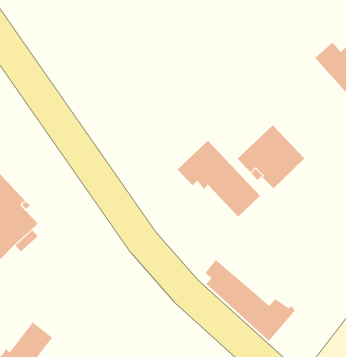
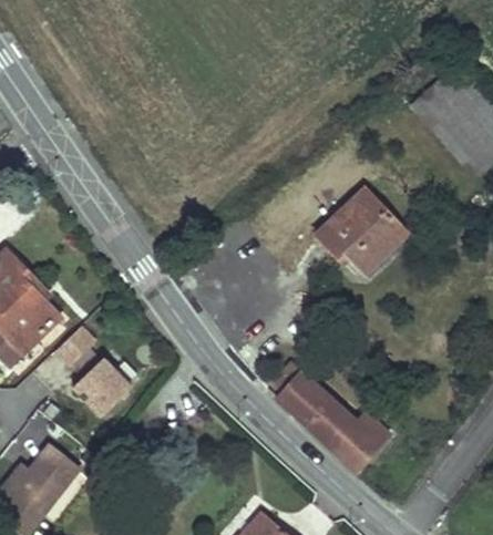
building: [177,140,261,218] -> none
building: none -> [57,326,132,416]

